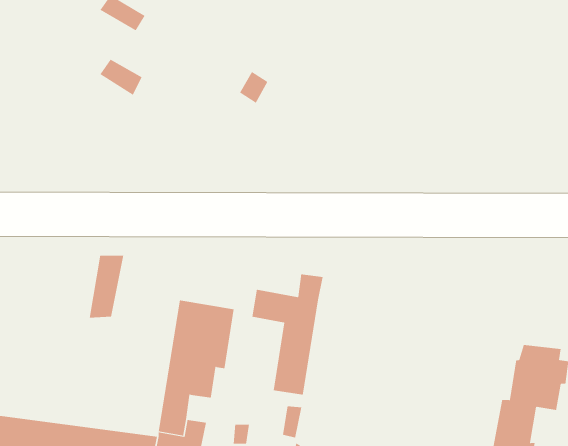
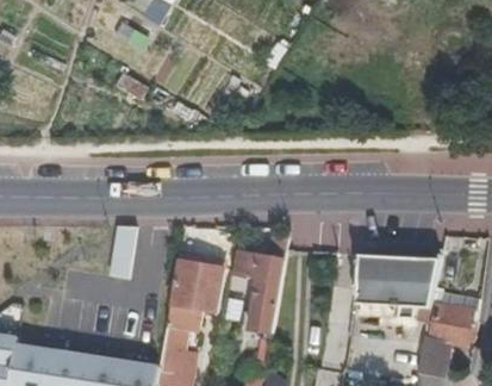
building: none -> [351,254,441,310]

